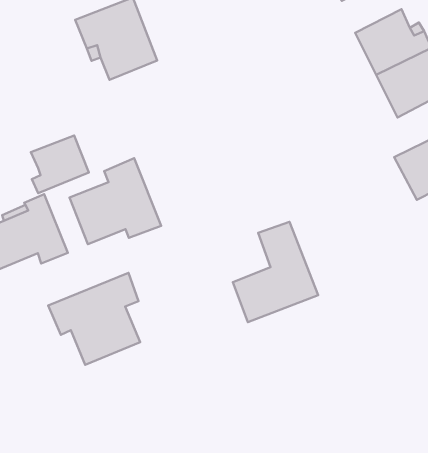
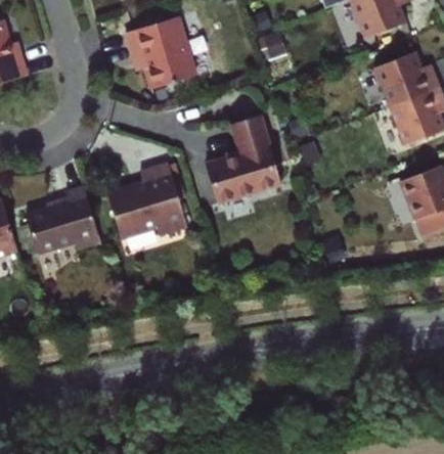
building: [31,135,89,193] -> none
building: [233,222,318,322] -> [206,116,280,201]
building: [48,273,140,365] -> none

